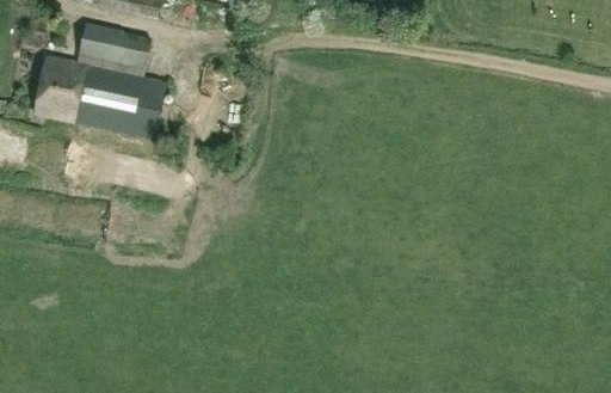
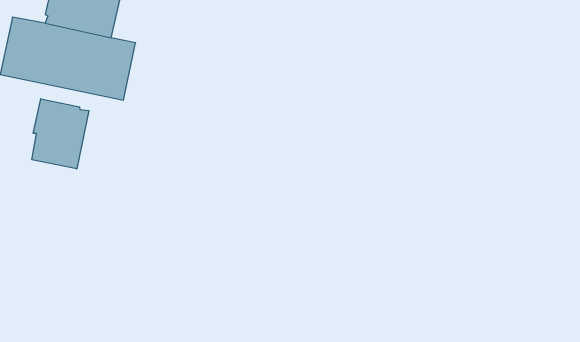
building: none -> [32,99,89,169]

